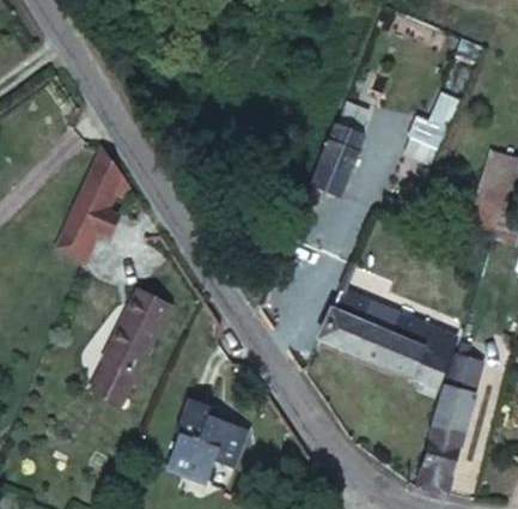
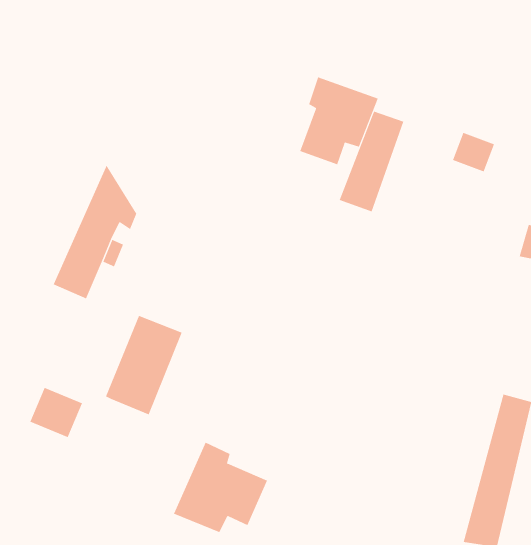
building: none -> [300,77,378,165]
building: [318,284,451,380] -> none
building: [91,362,139,407] -> [30,387,83,438]

